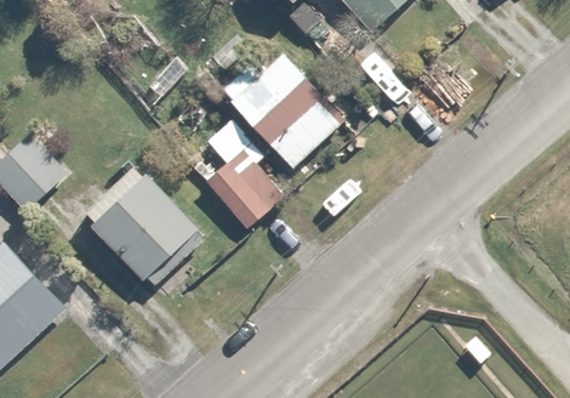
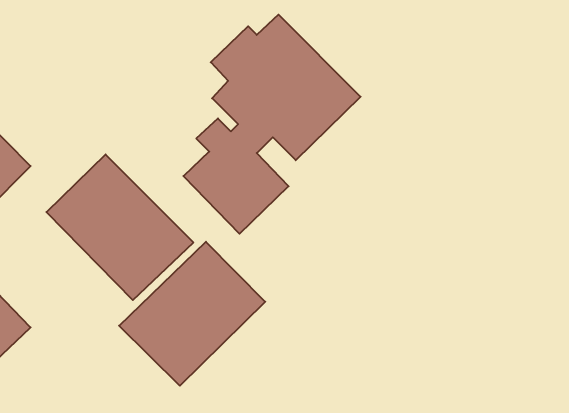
building: none -> [119,242,265,386]

